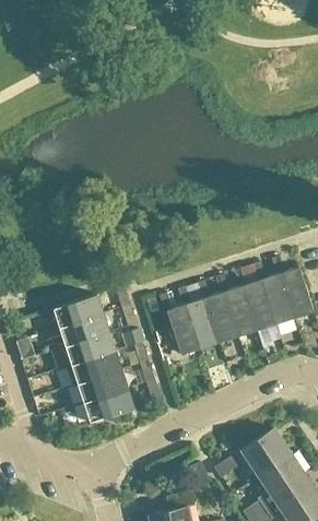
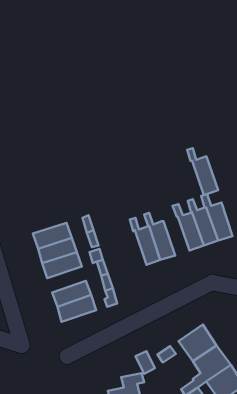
building: [214,277,255,339] -> [187,148,218,195]
building: [158,297,199,357] -> none
building: [70,353,120,387] -> none

